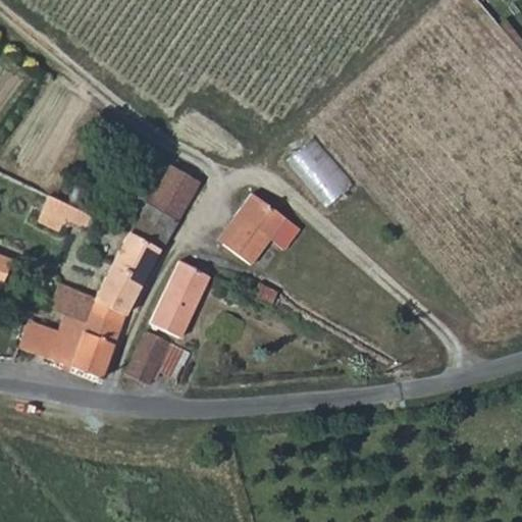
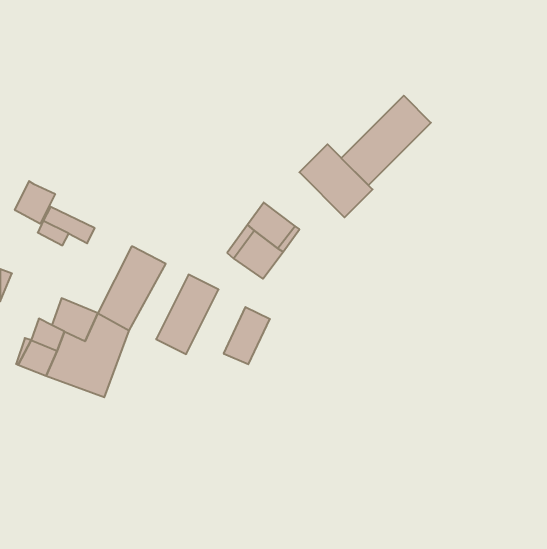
building: none -> [341,96,431,185]
building: [128,166,198,252] -> none
building: none -> [15,181,55,224]
building: [127,330,171,384] -> [224,307,270,364]

